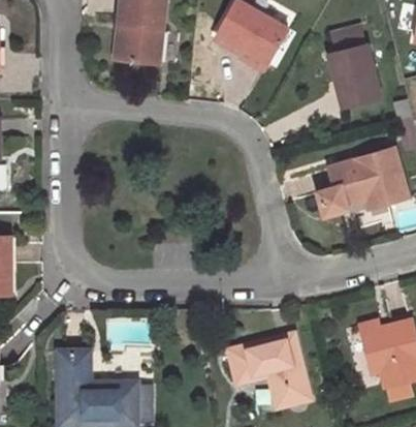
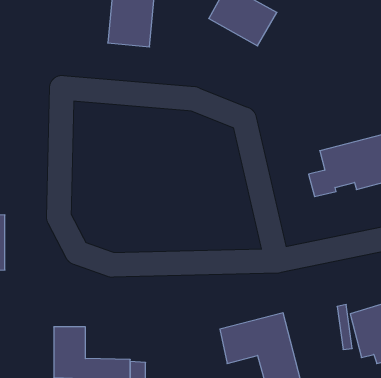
building: [328,36,381,118] -> none

